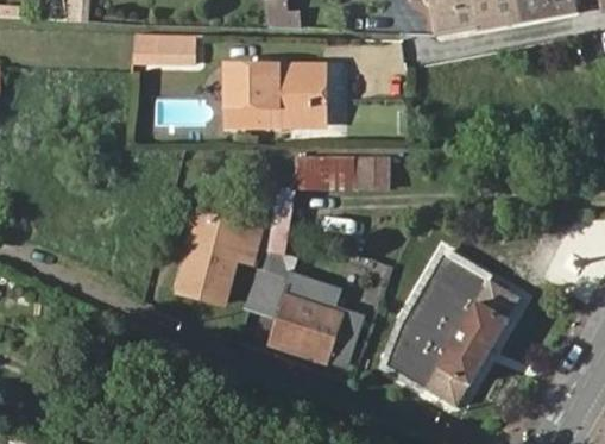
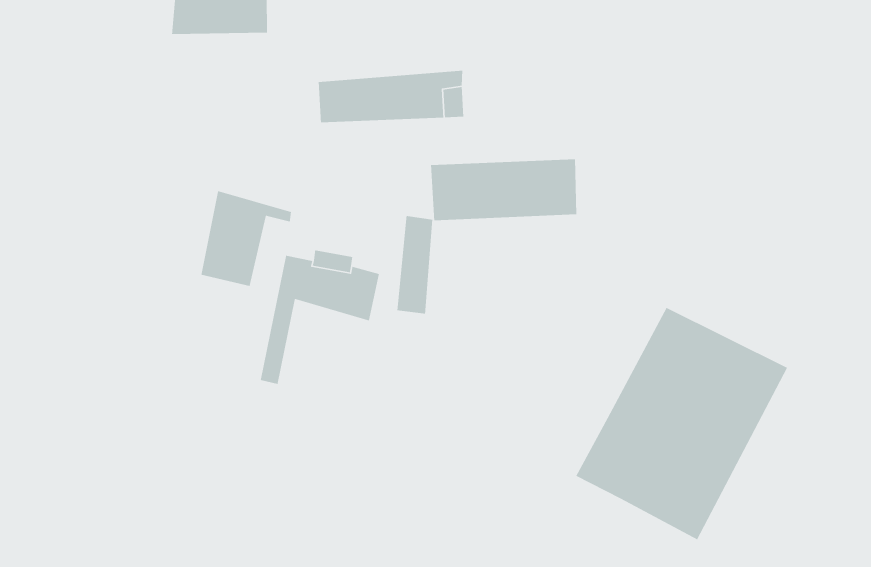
building: [227,67,322,95] -> none
building: [190,237,252,301] -> [200,190,292,287]
building: [248,267,360,365] -> none

